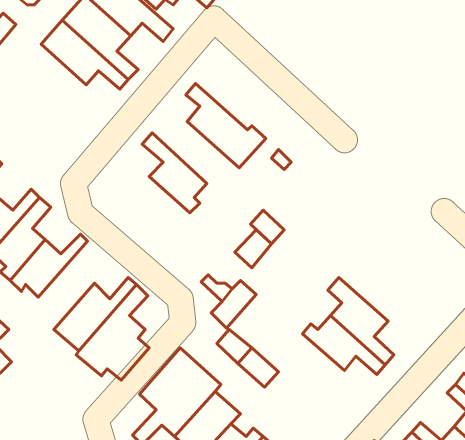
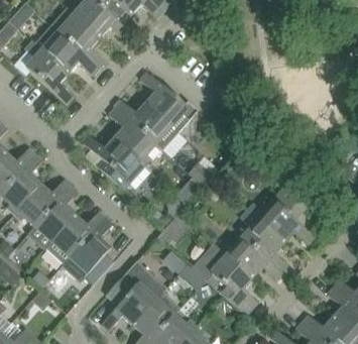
building: none -> [25,39,74,103]
building: none -> [116,98,178,148]
building: none -> [84,134,151,190]
building: none -> [27,184,79,248]
building: none -> [250,189,316,245]
building: none -> [199,242,258,315]

